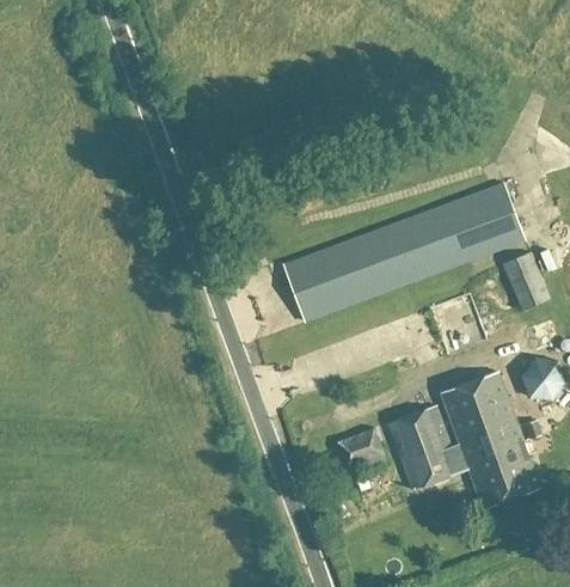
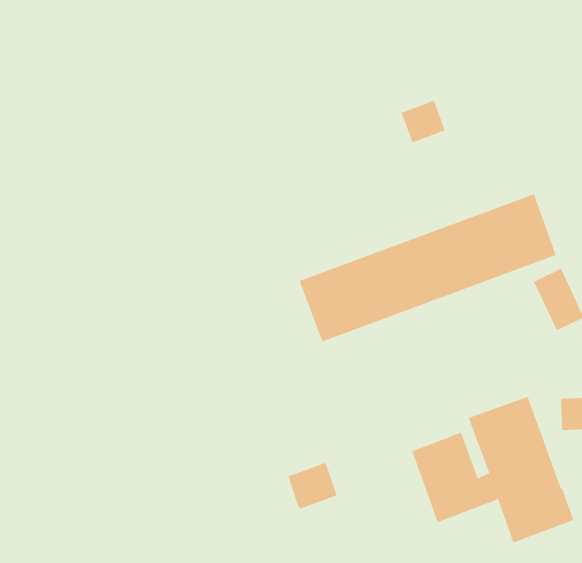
building: none -> [401,100,446,143]
building: [338,427,385,471] -> [288,462,338,509]

